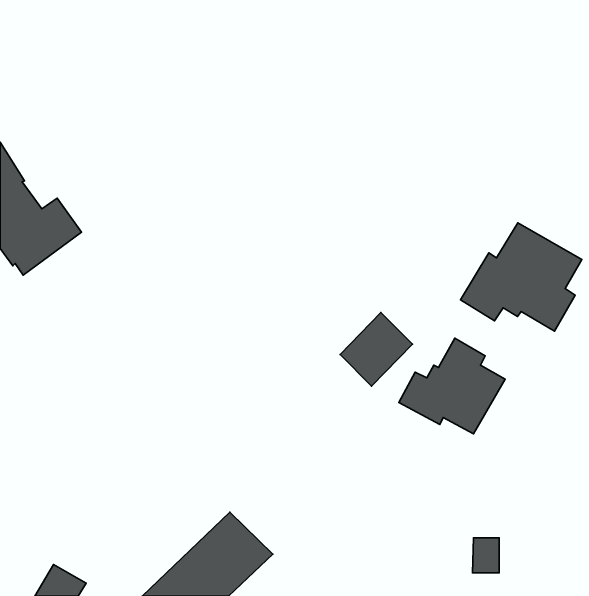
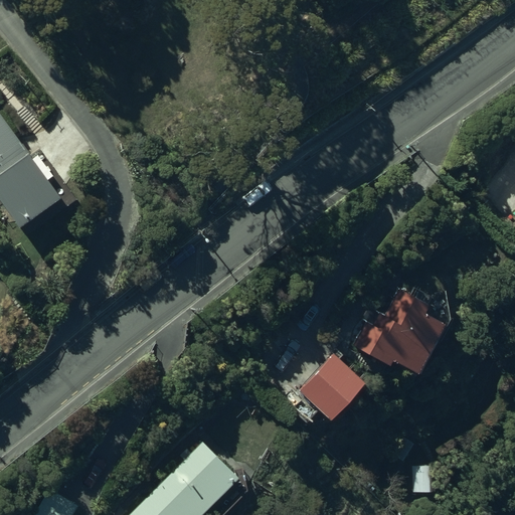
building: [460,223,582,331] -> none
building: [340,313,412,386] -> [301,354,363,417]

